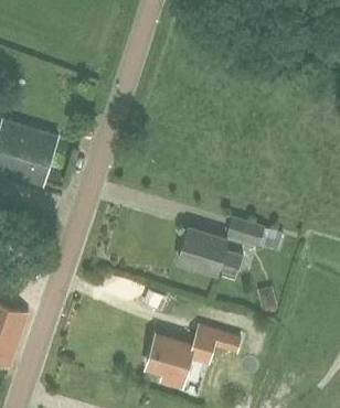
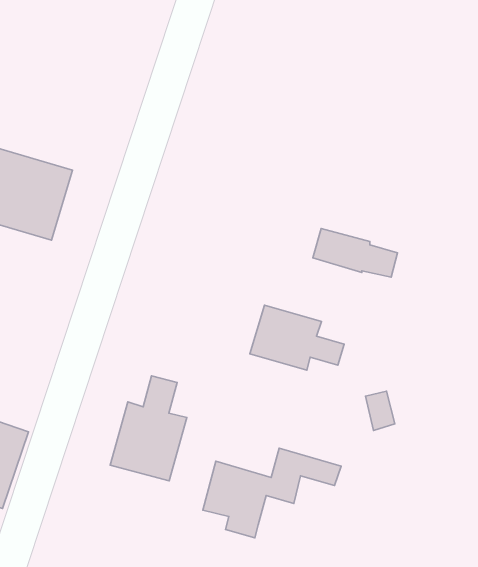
building: [225,217,283,250] -> [313,228,398,277]
building: none -> [110,376,187,481]

